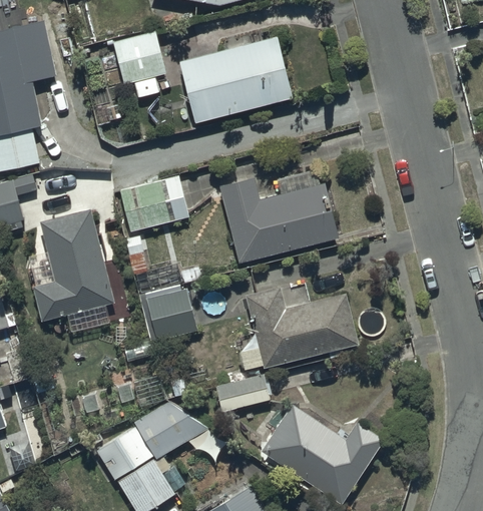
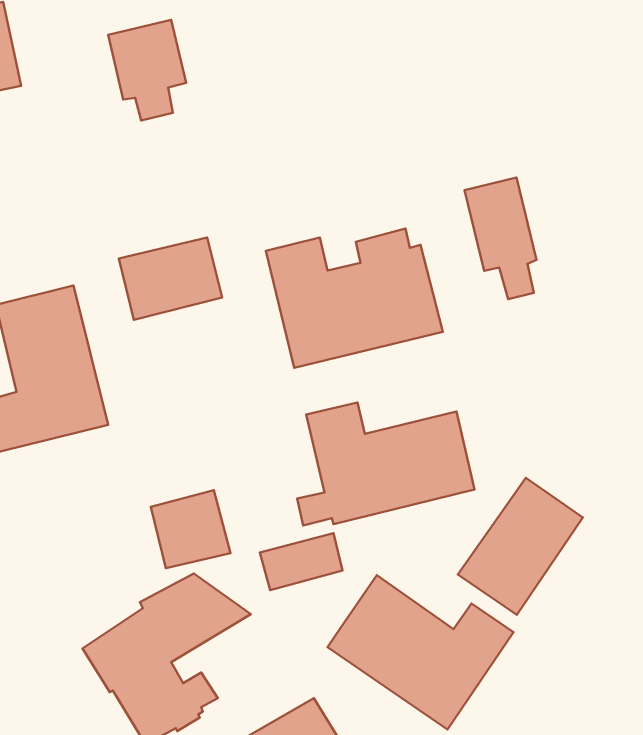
building: [177,36,290,123] -> none
building: none -> [465,177,537,299]
building: [145,288,198,340] -> [151,490,230,568]
building: none -> [458,478,583,615]

